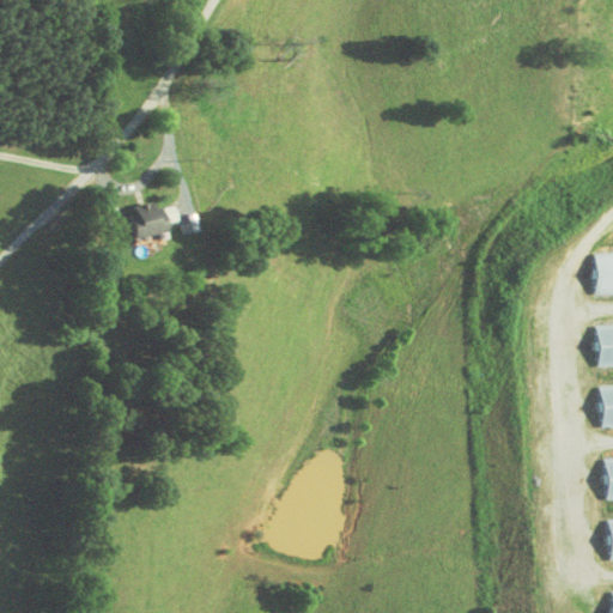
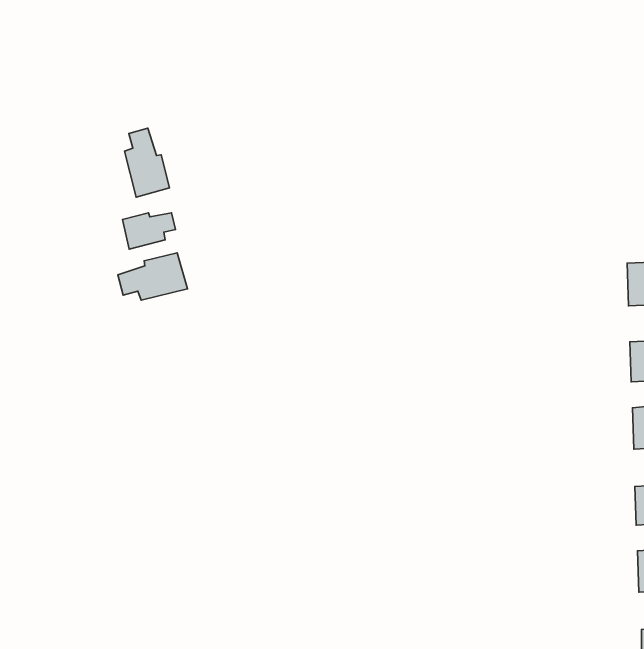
building: none -> [124,128,169,197]
building: none -> [118,253,187,300]

